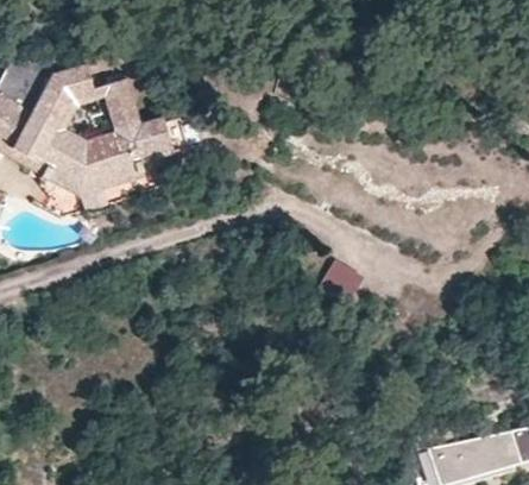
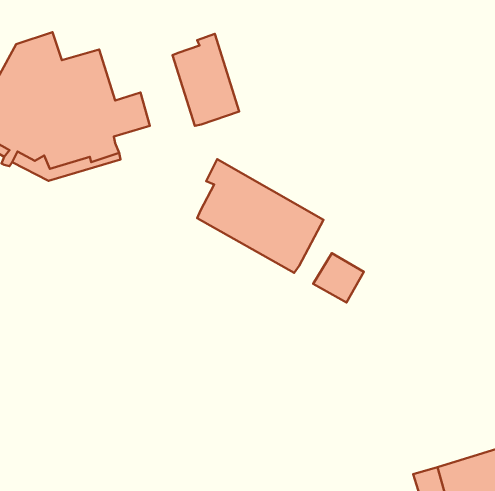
building: none -> [172,34,239,126]
building: none -> [197,159,324,273]

